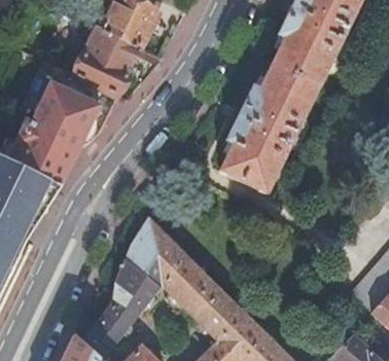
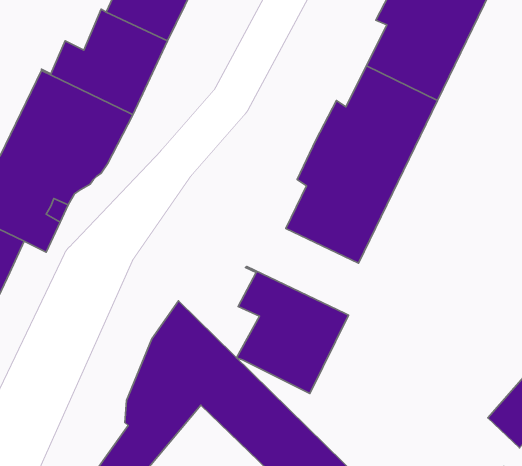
building: none -> [237,267,349,394]

